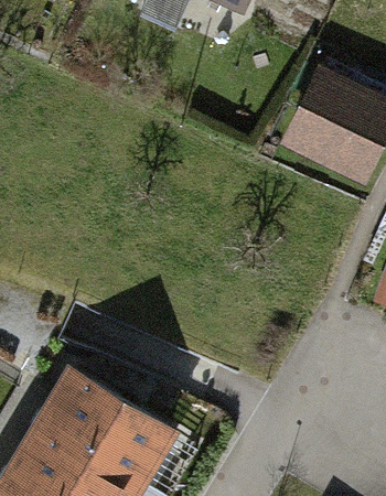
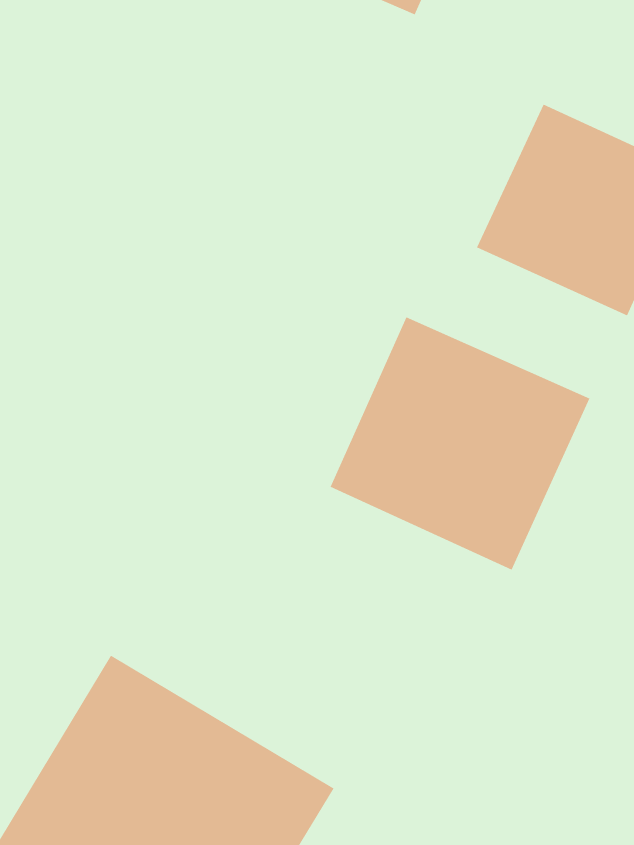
building: none -> [330,316,590,570]

